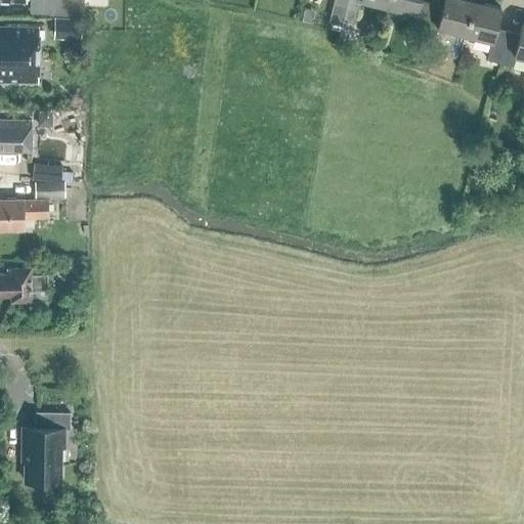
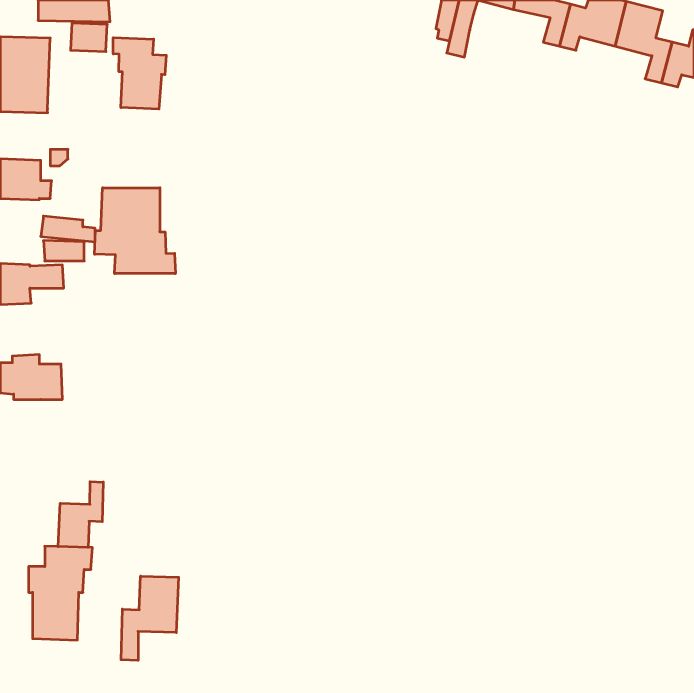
building: none -> [113,38,166,109]
building: none -> [95,188,175,274]
building: none -> [58,482,103,547]
building: none -> [121,576,179,660]

